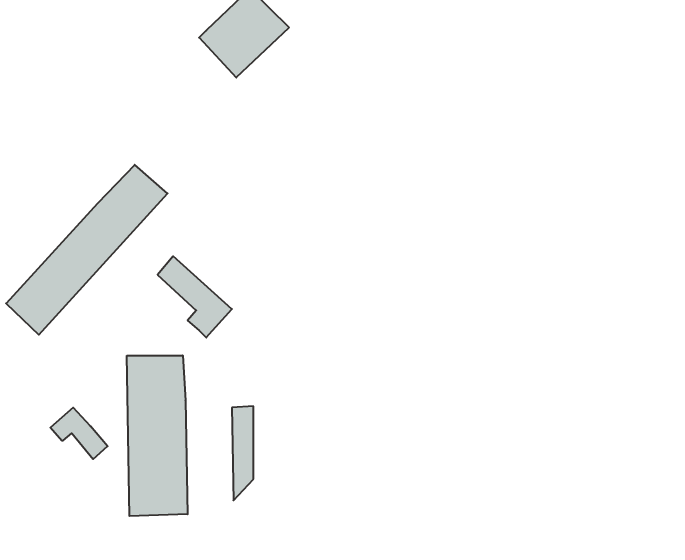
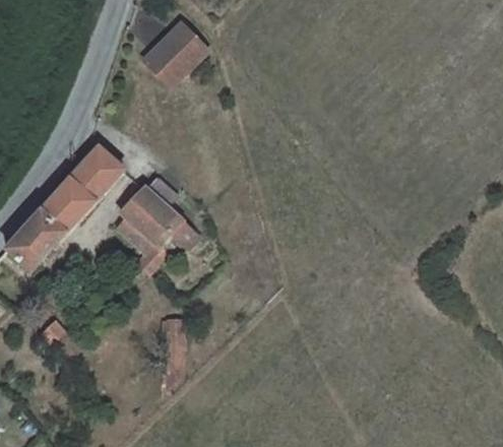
building: none -> [123,177,197,250]
building: [127,355,188,516] -> none

